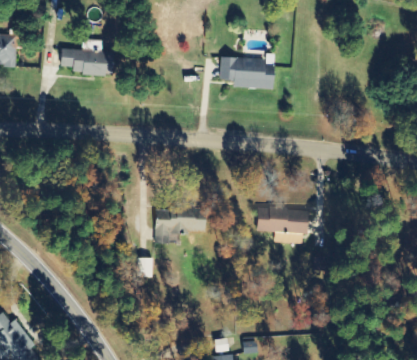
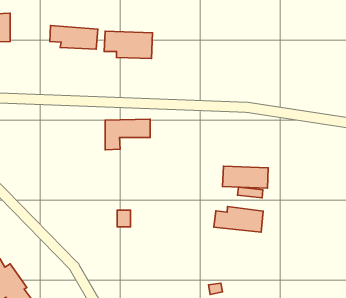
building: [219,56,274,87] -> [104,31,153,58]
building: [155,208,206,243] -> [105,119,150,150]
building: none -> [214,206,263,232]

